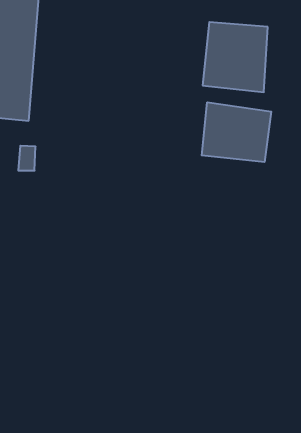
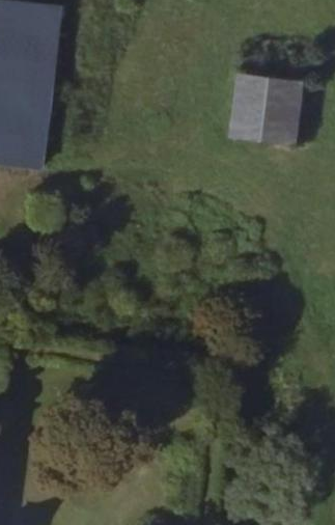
building: [202,102,271,162] -> none

